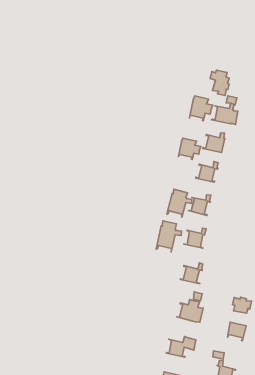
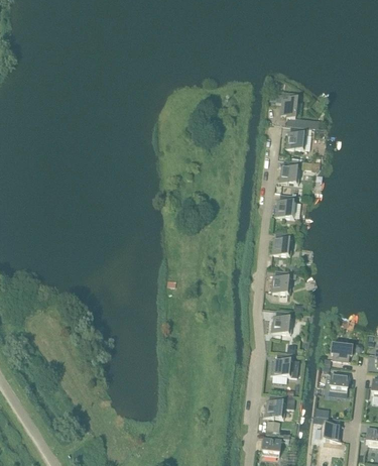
building: [189,96,213,121] -> none
building: [179,138,201,160] -> none
building: [167,189,192,217] -> none
building: [156,221,181,252] -> none

